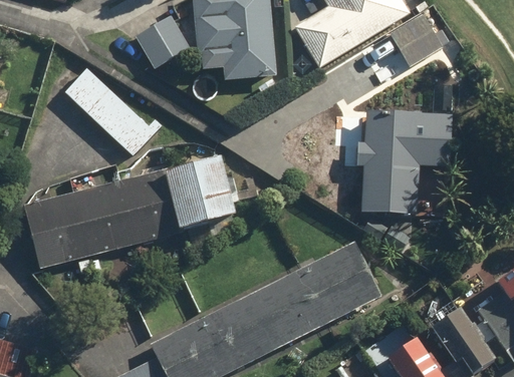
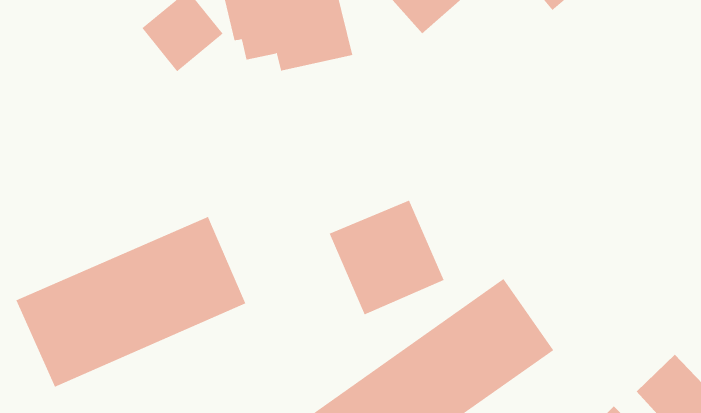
building: [67,67,163,155] -> none
building: [357,109,452,216] -> none
building: [163,158,235,231] -> [329,200,444,315]

